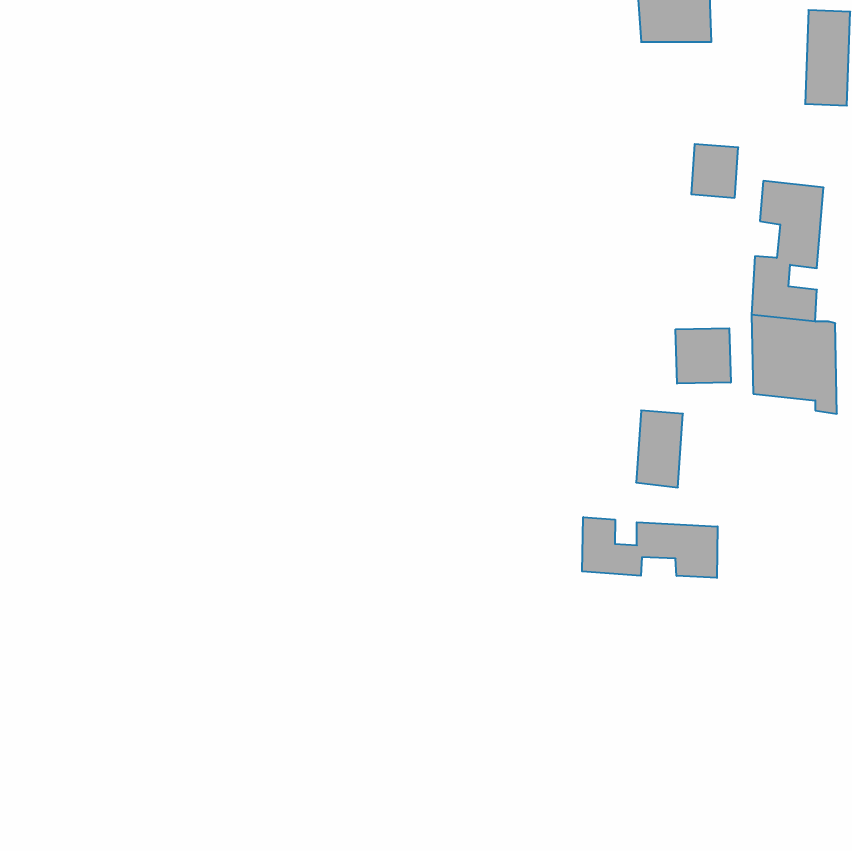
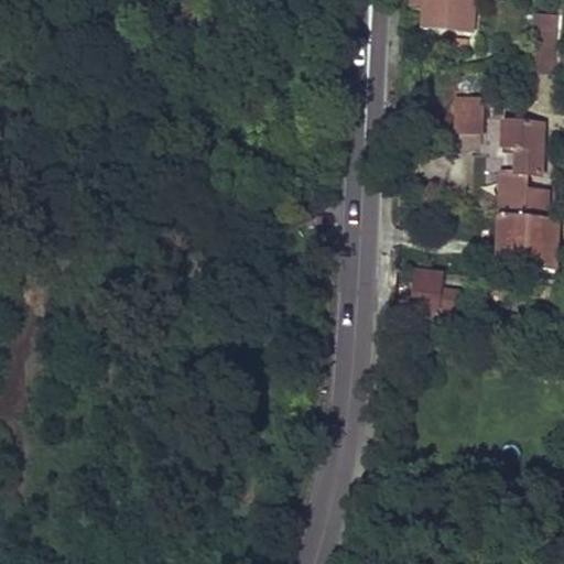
building: [676,328,731,384] -> none
building: [582,517,718,578] -> none

